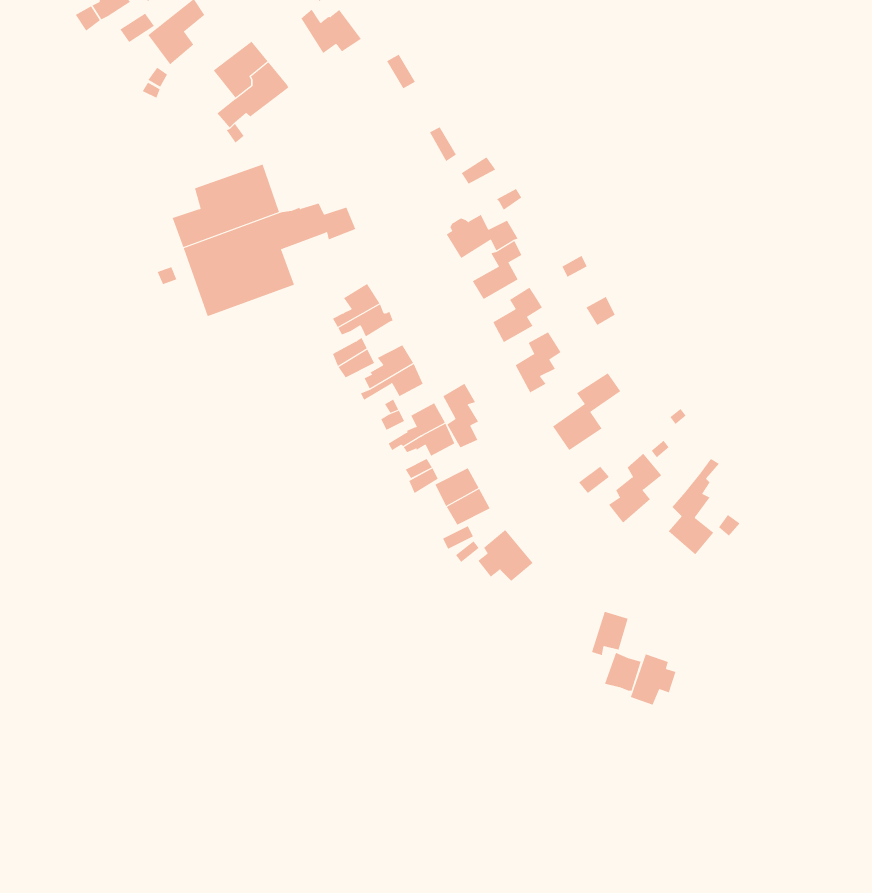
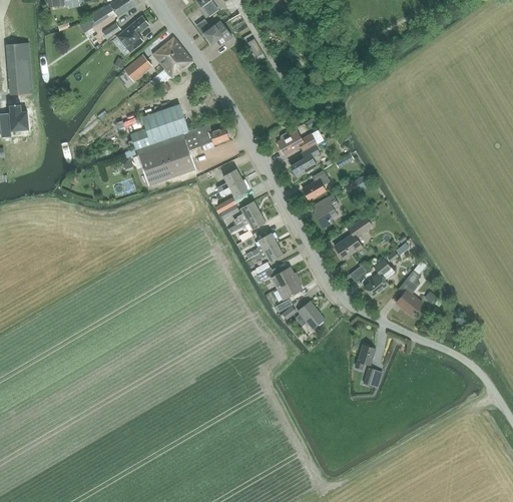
building: none -> [124,53,152,80]
building: [443,383,479,448] -> none
building: [630,653,676,705] -> none

